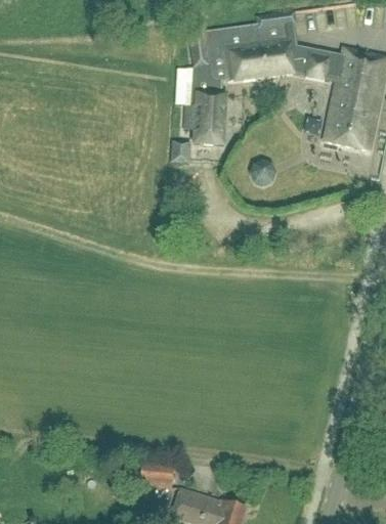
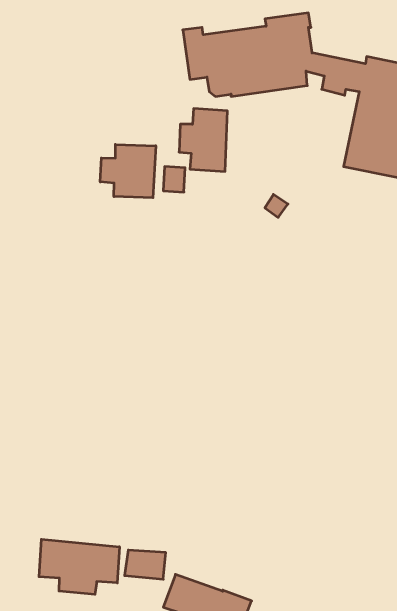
building: none -> [100,144,156,198]
building: none -> [39,539,119,594]

